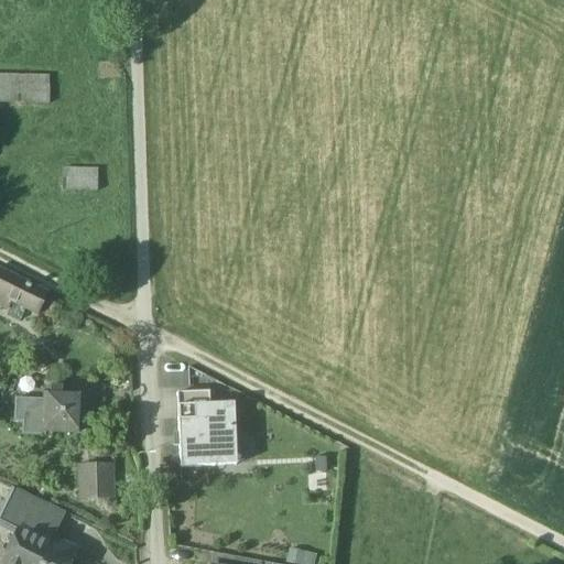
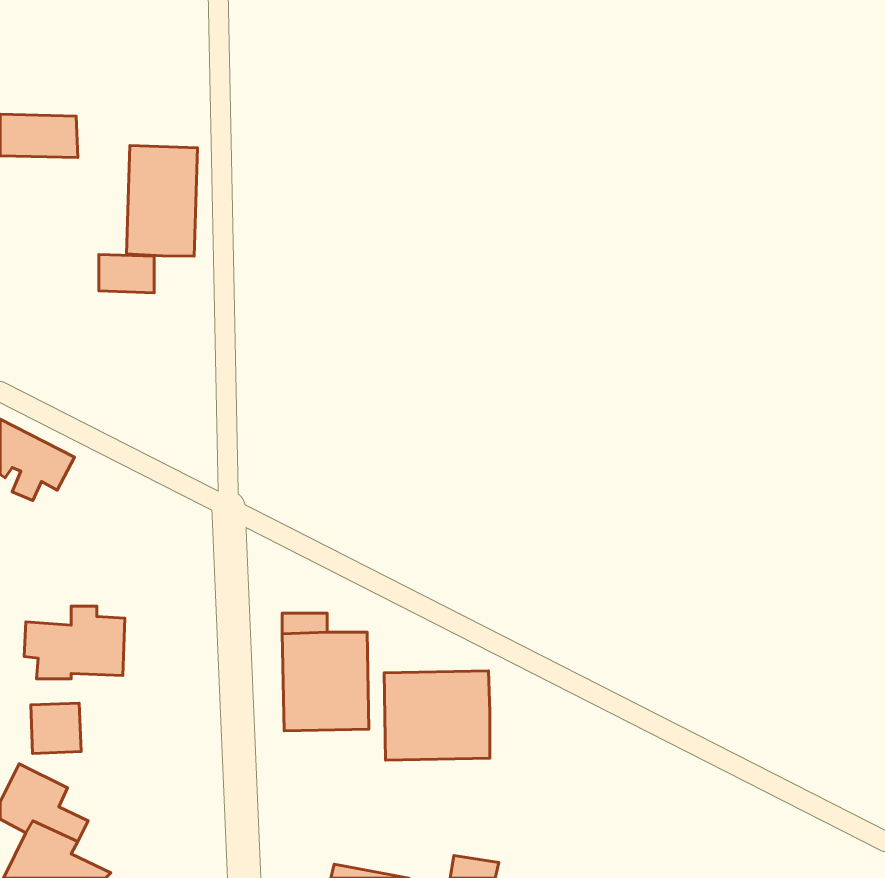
building: none -> [127,145,198,256]
building: none -> [384,671,490,760]
building: [79,464,111,496] -> [31,703,81,753]

